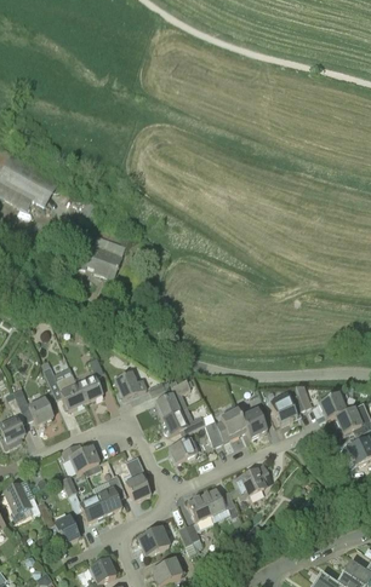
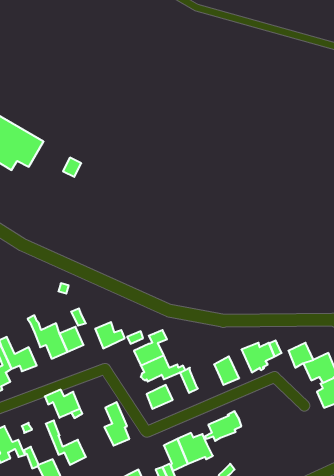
building: [73,243,121,277] -> none
building: [215,408,246,439] -> none
building: [95,474,126,513] -> none

